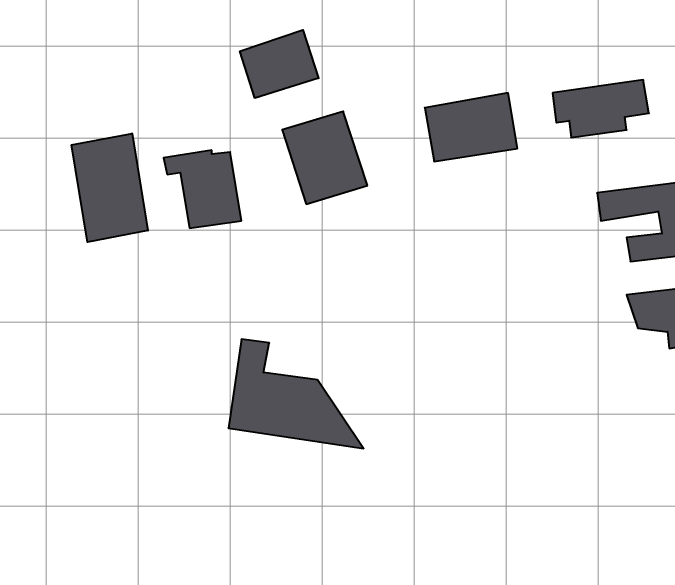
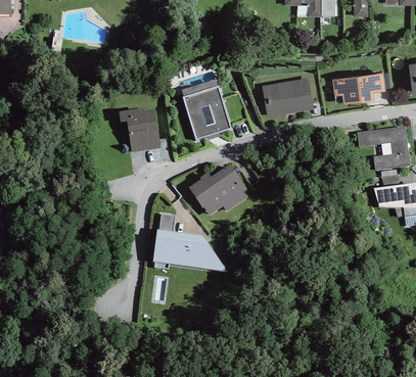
building: [240,30,319,98] -> none
building: [72,133,148,242] -> none
building: none -> [188,166,247,216]

